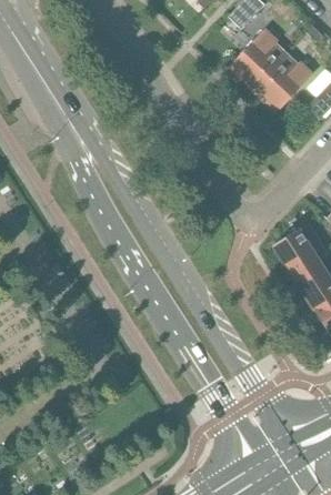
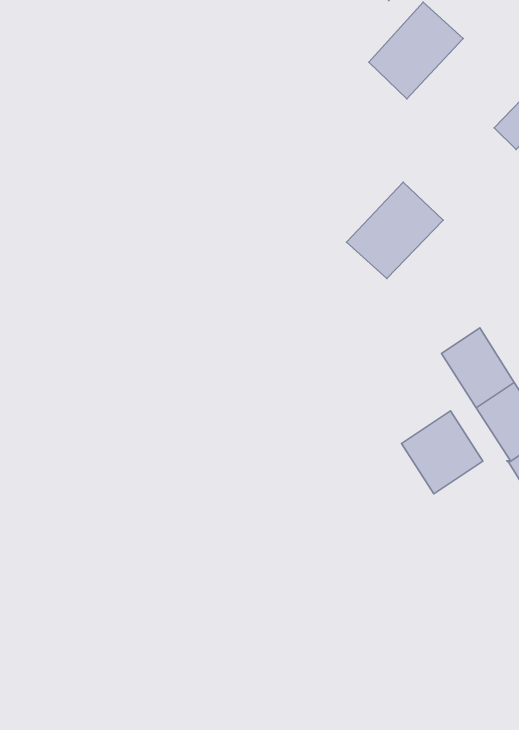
building: [253,51,312,110] -> [347,182,443,278]
building: none -> [402,411,483,494]

